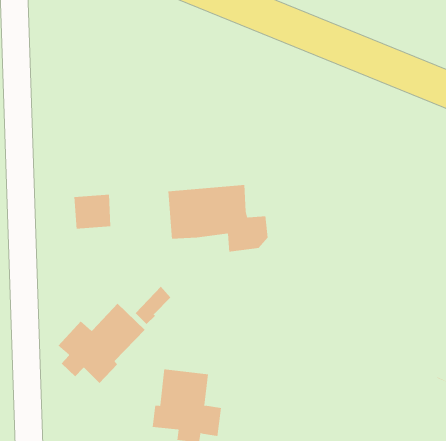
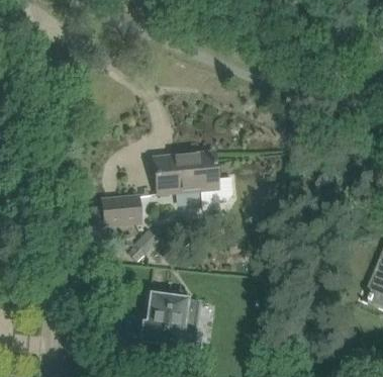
building: [73,194,111,229] -> [102,195,131,222]
building: [57,303,146,384] -> none

